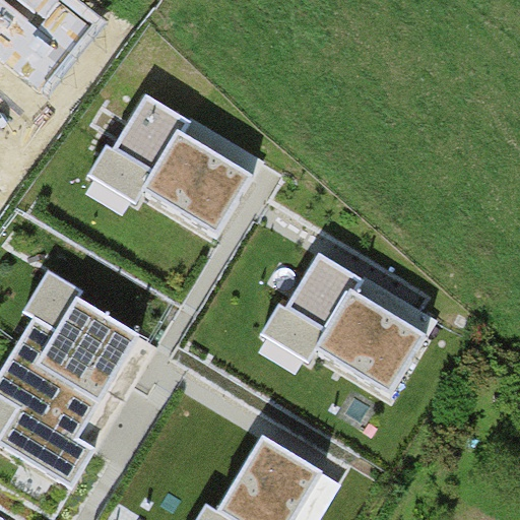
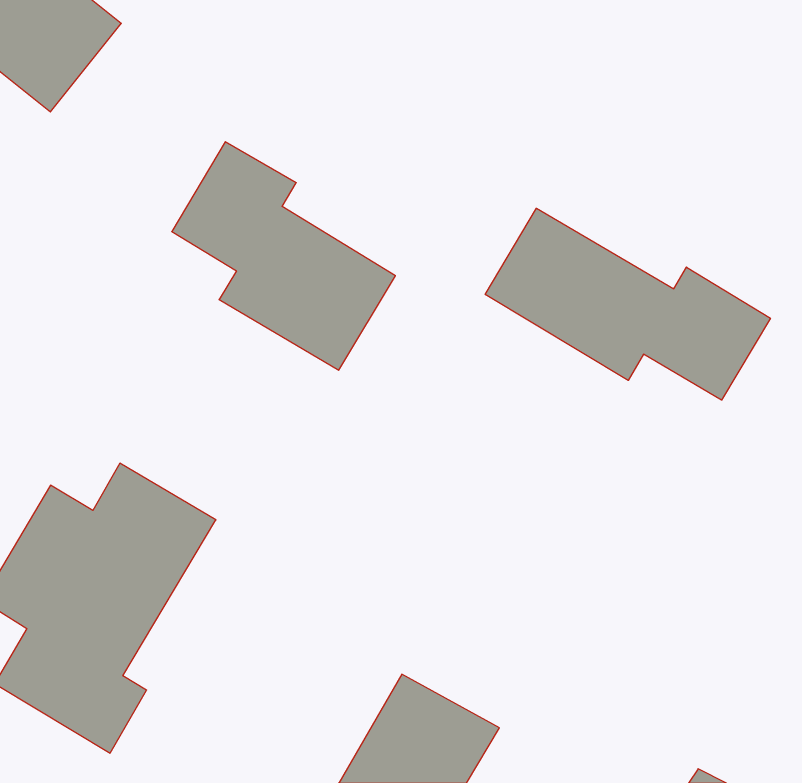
building: none -> [485,208,770,400]
building: [280,254,425,401] -> none

